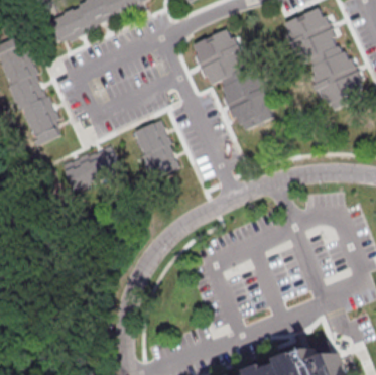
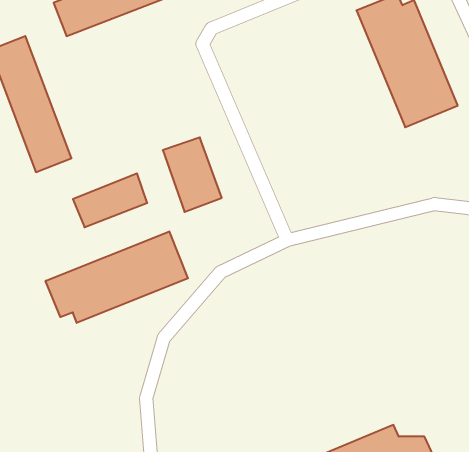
building: [192,26,270,132] -> none
building: none -> [46,231,188,323]

